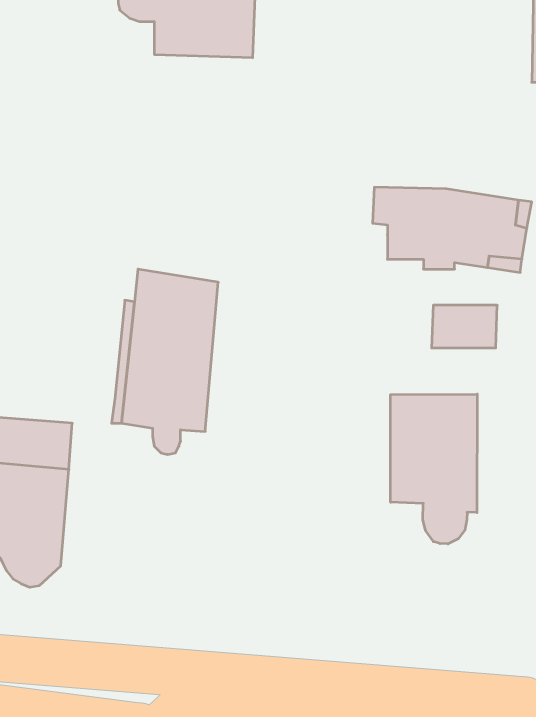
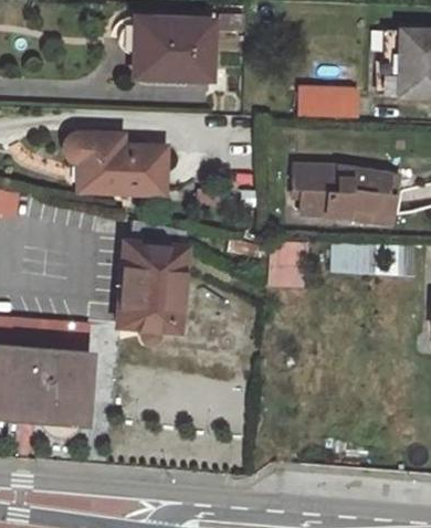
building: none -> [298,86,361,117]
building: none -> [66,134,165,192]
building: [391,394,477,544] -> none

